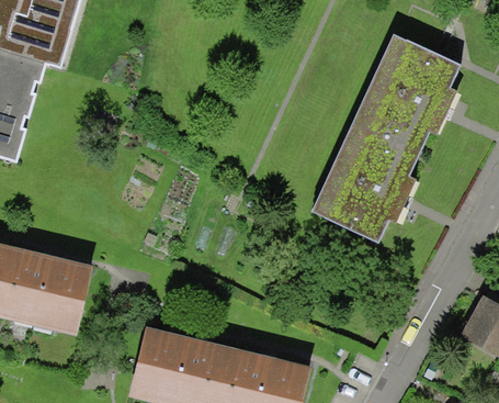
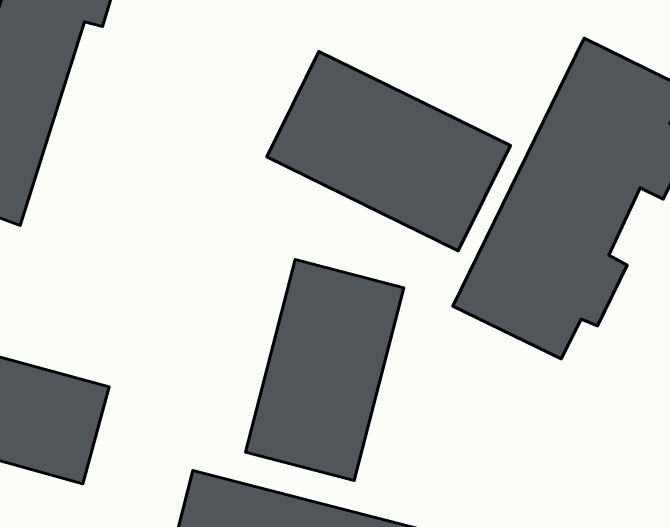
building: none -> [267,51,510,251]
building: none -> [245,260,404,480]

